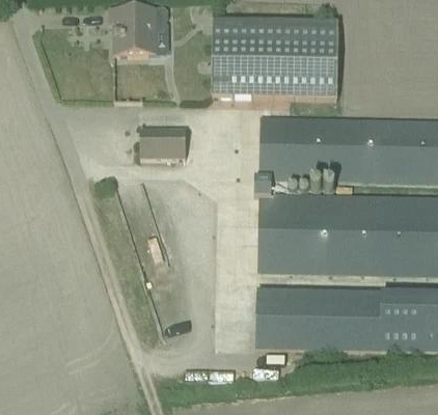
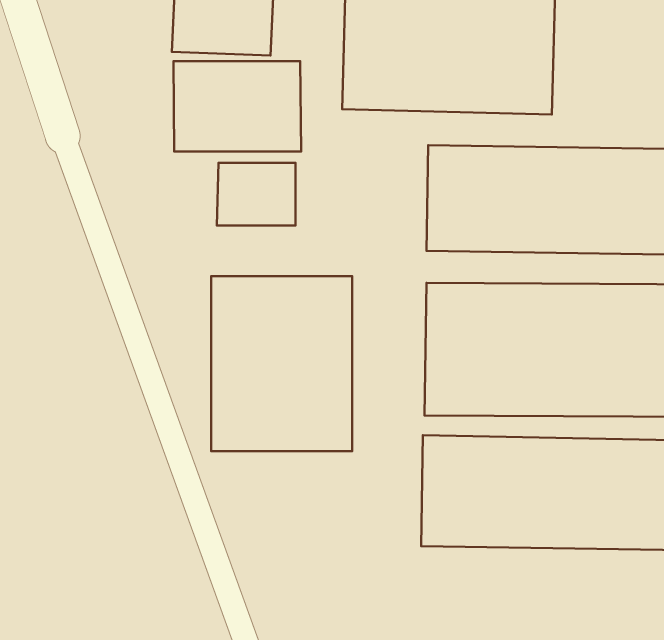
building: none -> [173,61,301,152]
building: none -> [211,276,352,451]

